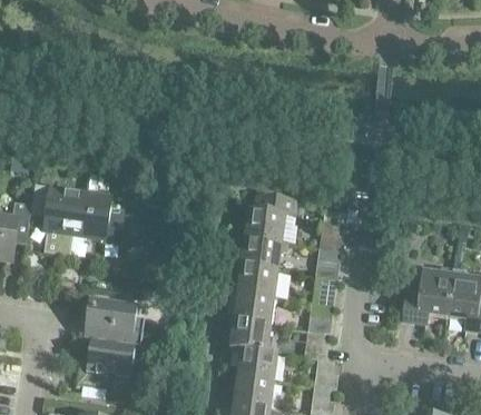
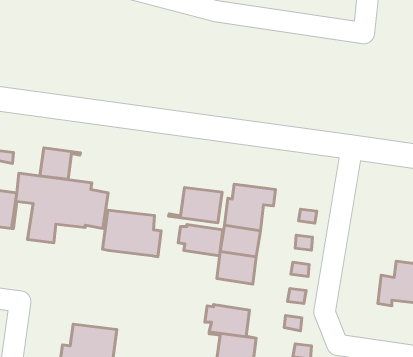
building: none -> [40,148,81,179]
building: none -> [169,188,222,223]
building: [228,292,274,324] -> [178,224,223,256]
building: [84,297,144,345] -> [102,210,161,257]

